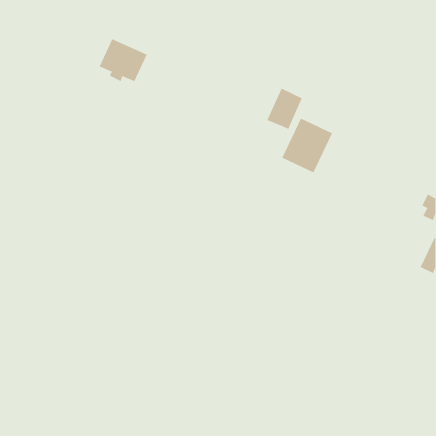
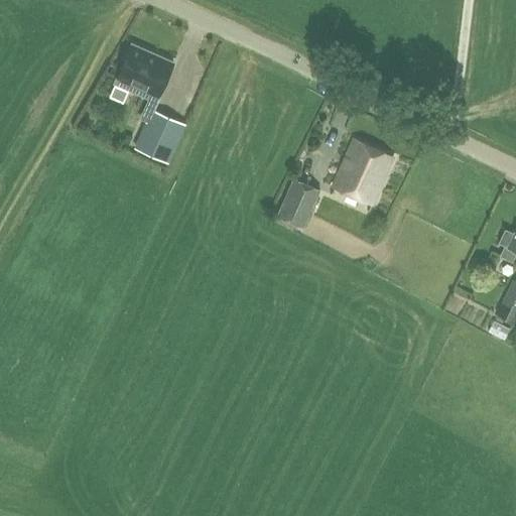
building: [267,88,302,130] -> [277,178,319,228]
building: none -> [136,111,183,162]

